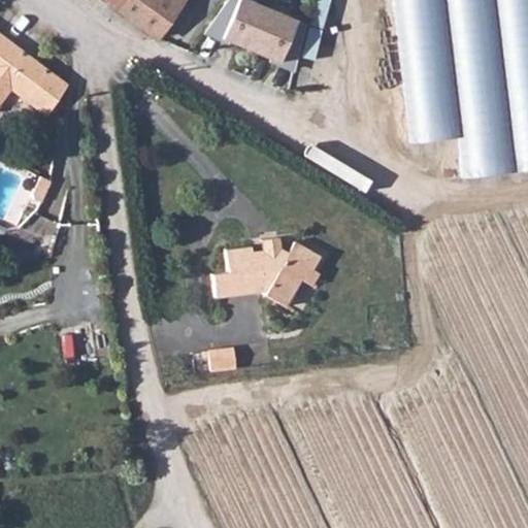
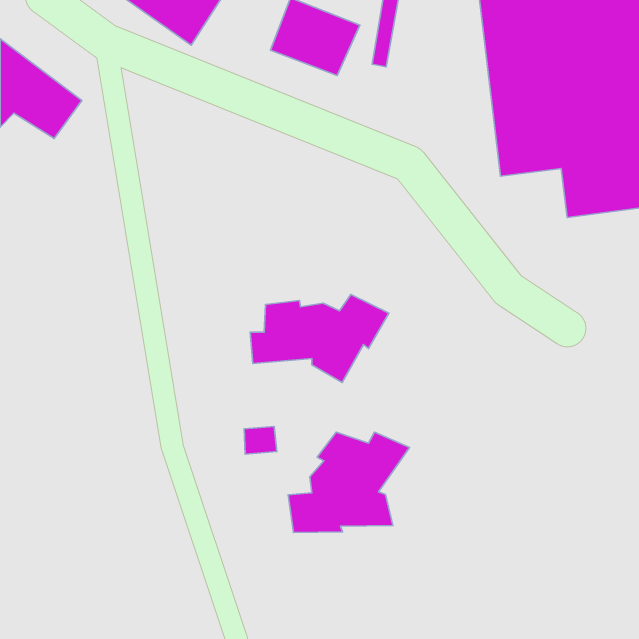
building: none -> [288,432,409,532]

